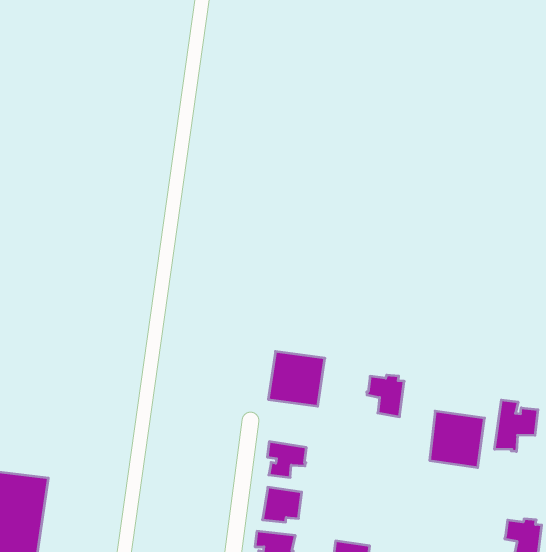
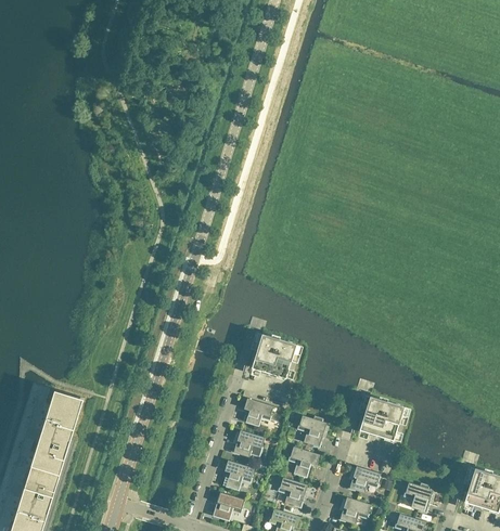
building: [367,375,404,417] -> [298,415,326,448]
building: [495,400,538,452] -> none
building: none -> [289,446,320,478]
building: none -> [349,466,381,493]

